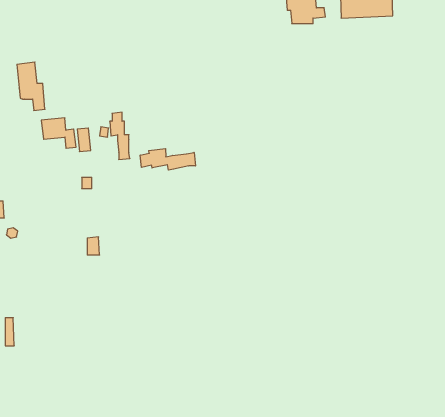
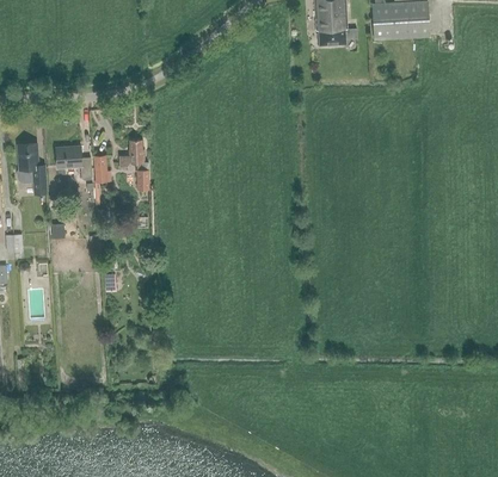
building: [17,62,45,110] -> [16,143,45,194]
building: [140,149,195,170] -> none

